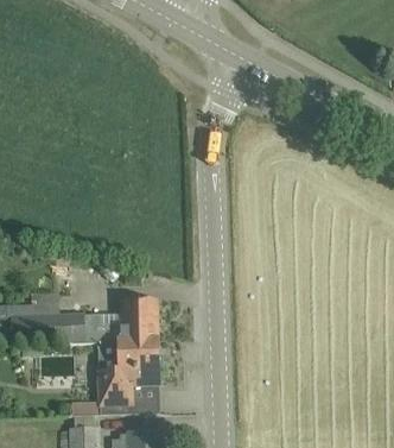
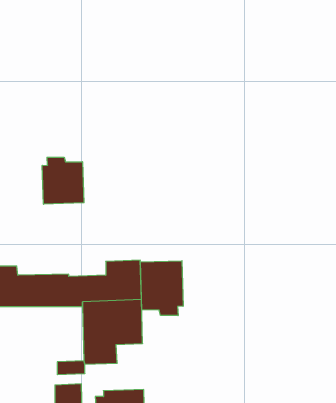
building: none -> [42,157,84,204]
building: none -> [140,261,183,316]

